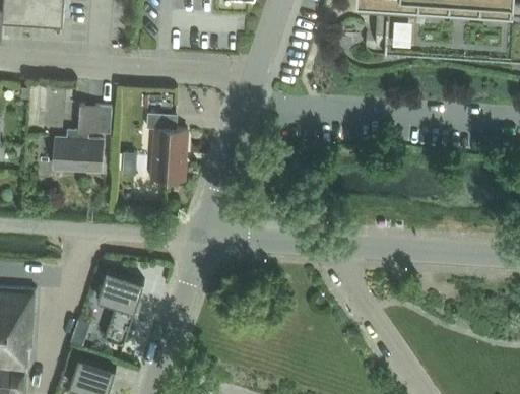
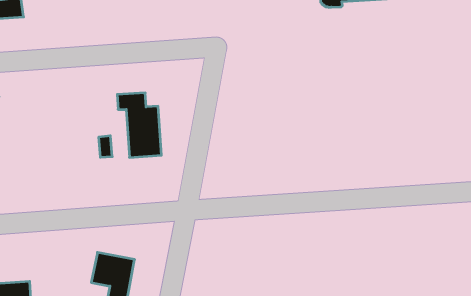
building: [53,105,112,171] -> none

